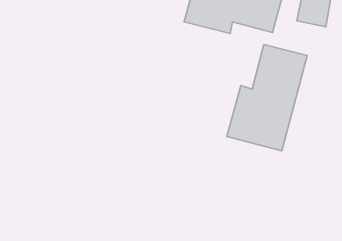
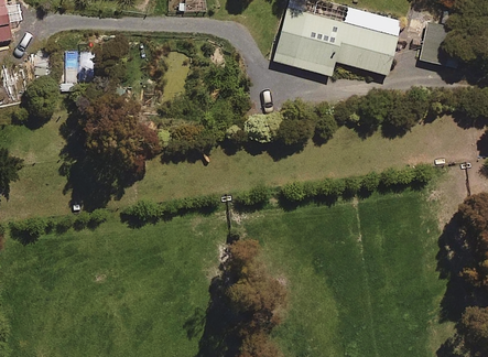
building: [227,44,307,151] -> none

